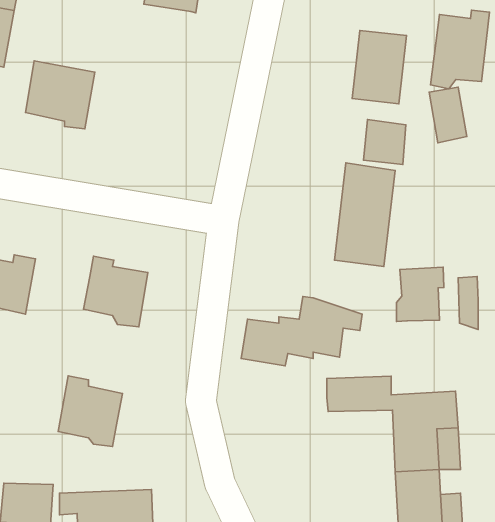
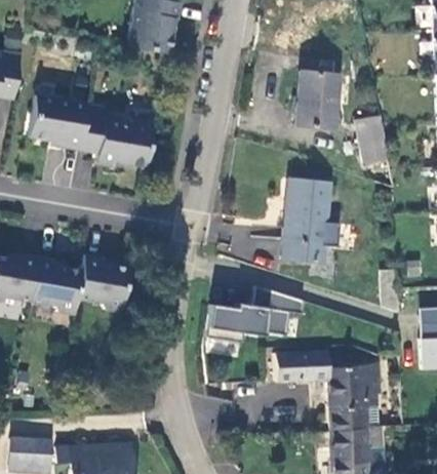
building: [430,10,489,89] -> none
building: none -> [78,104,153,167]
building: [363,119,406,165] -> none
building: [396,267,444,321] -> none
building: [58,376,123,447] -> [30,255,82,313]

